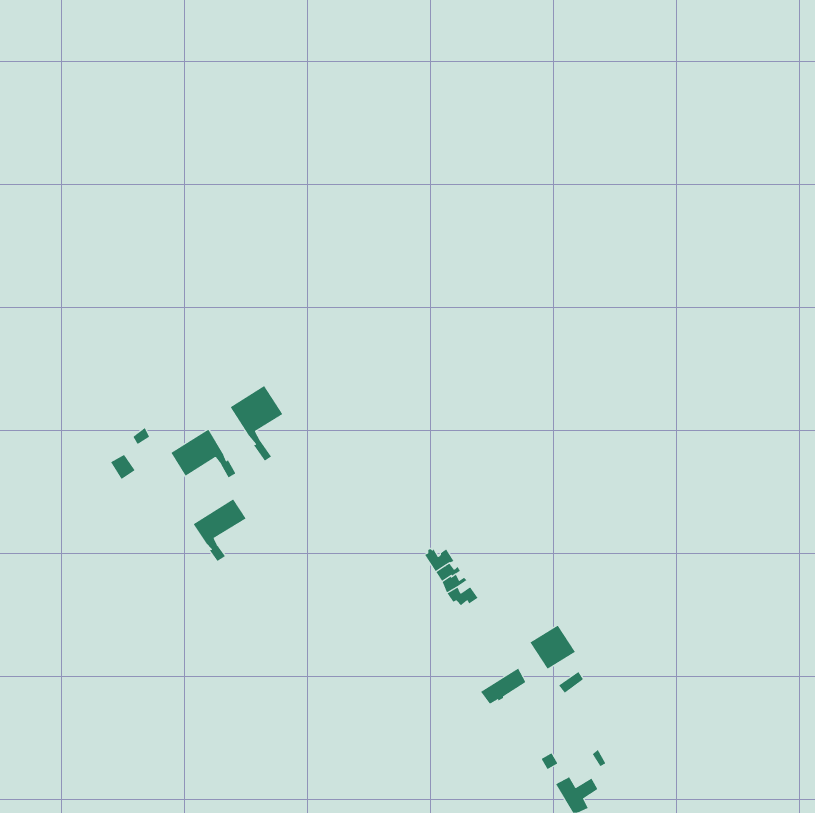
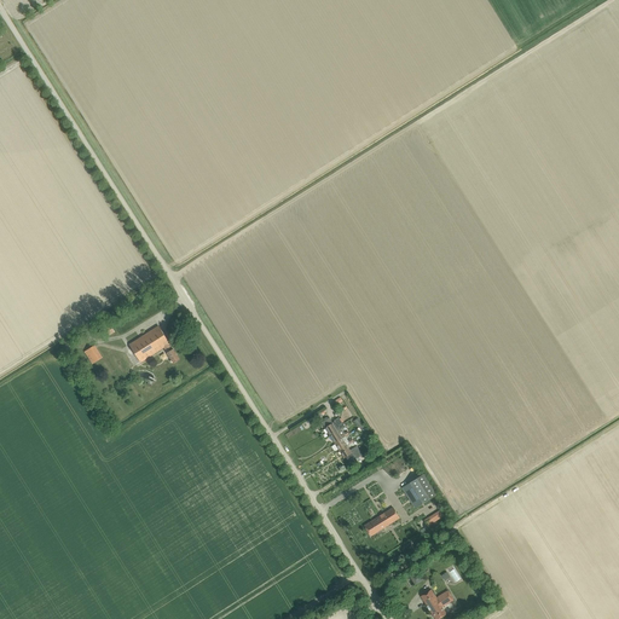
building: [230,385,283,462] -> none
building: [193,498,246,562] -> none

